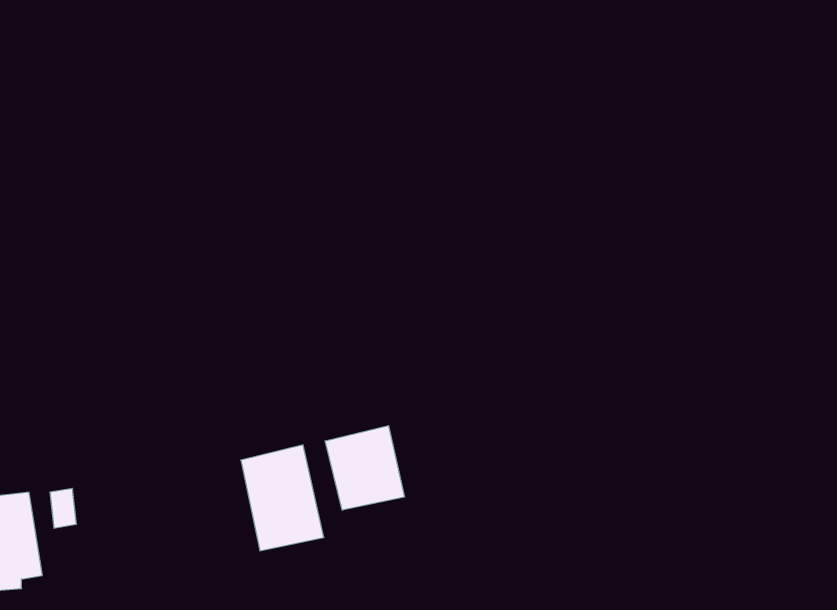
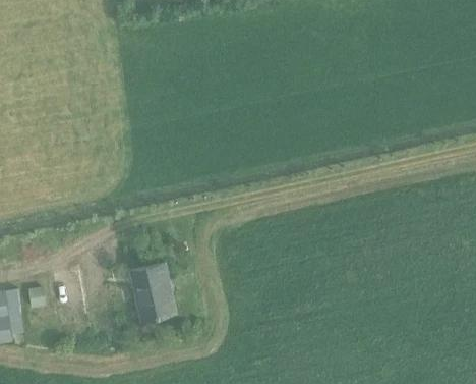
building: [325,426,405,510] -> none

